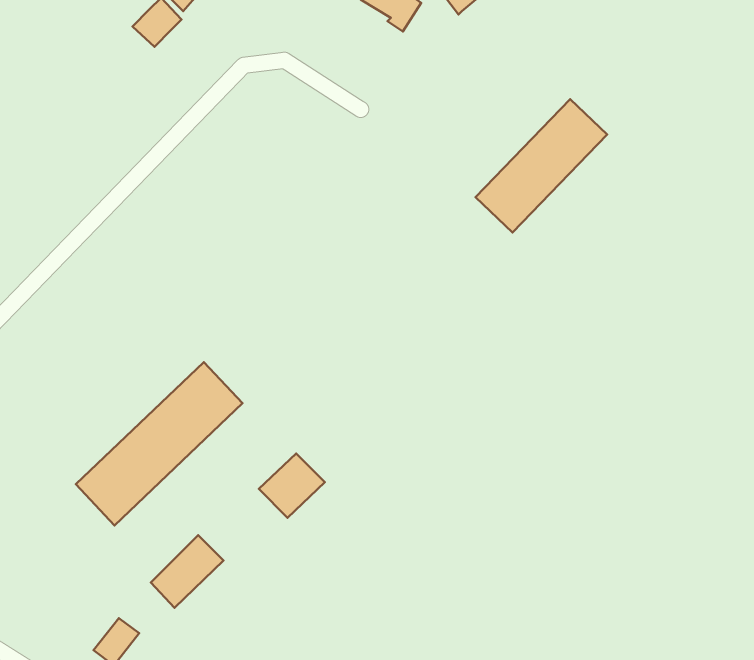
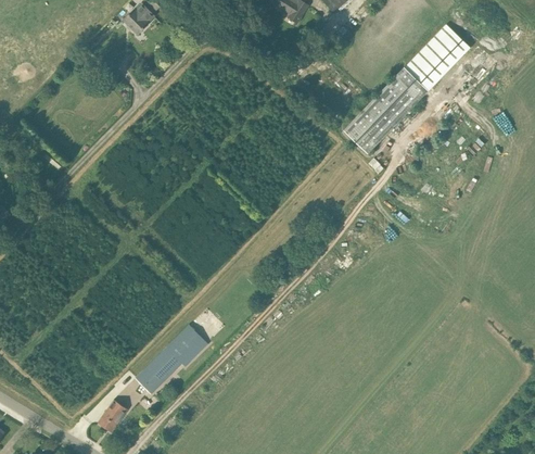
building: none -> [408,24,469,86]
building: [76,362,243,525] -> none
building: [259,453,325,518] -> [165,325,207,366]

